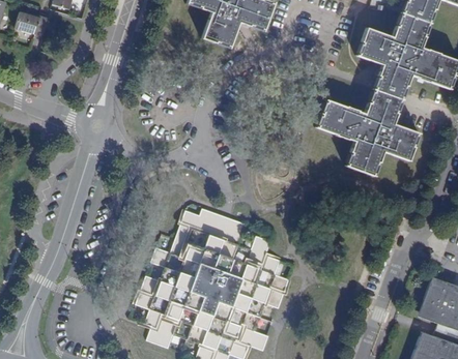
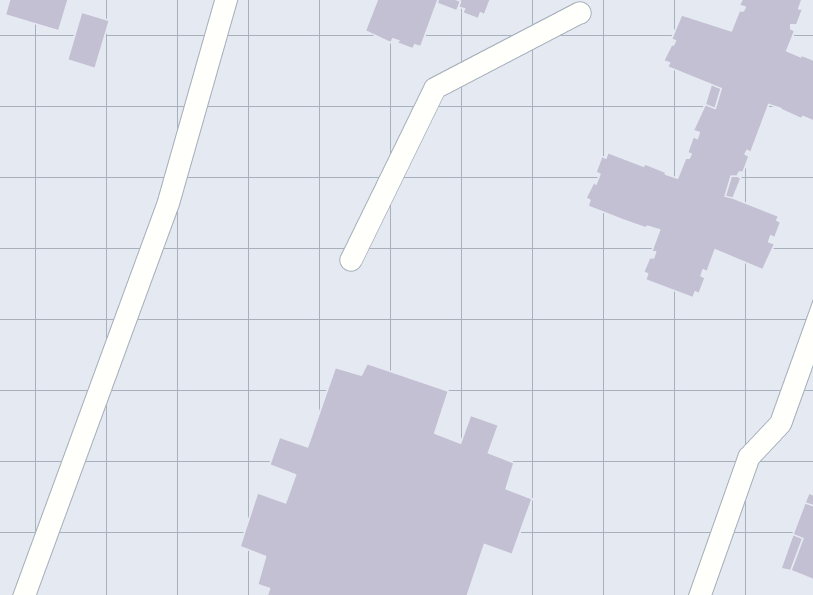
building: none -> [67,12,109,68]

